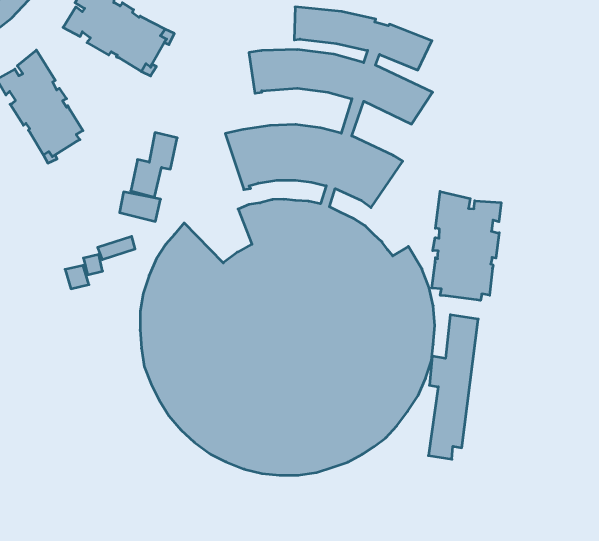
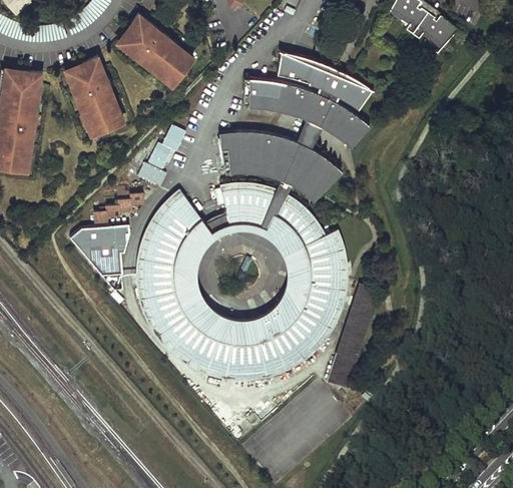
building: [432,191,501,300] -> none
building: none -> [75,226,125,276]

